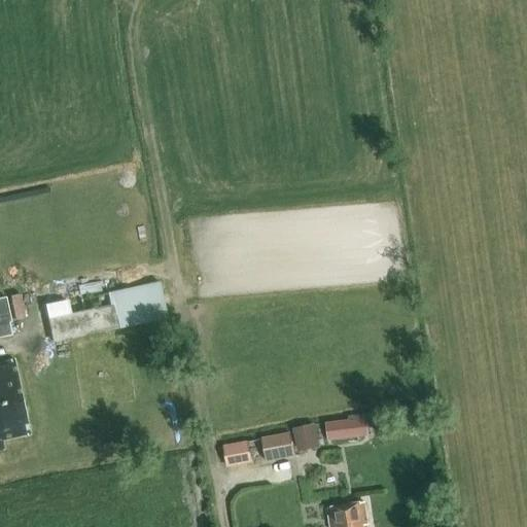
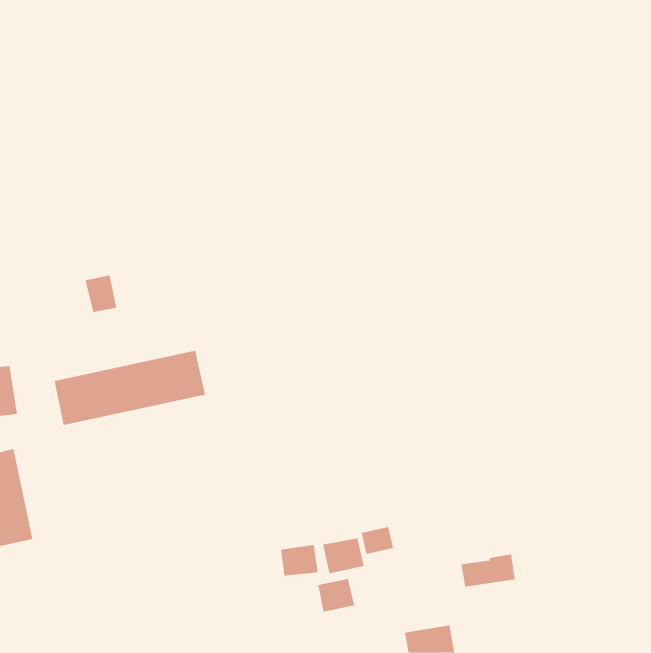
building: none -> [85,274,117,313]
building: [323,415,367,442] -> [461,554,516,587]
building: none -> [318,578,355,612]

